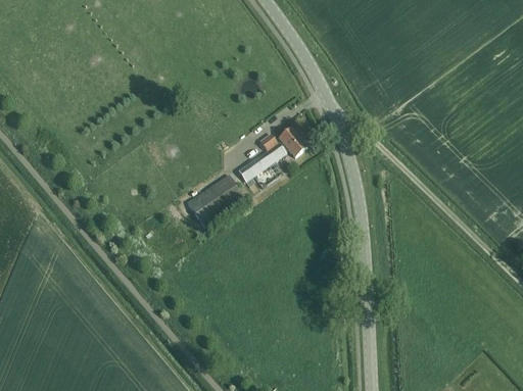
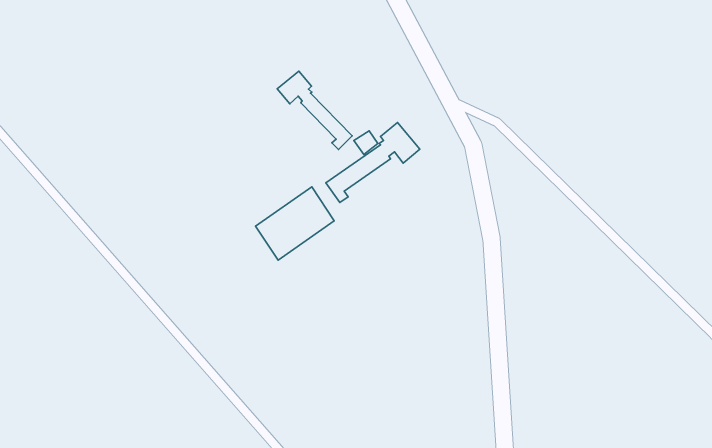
building: none -> [277,71,352,149]

